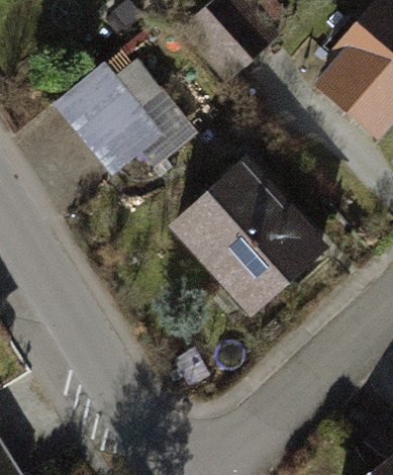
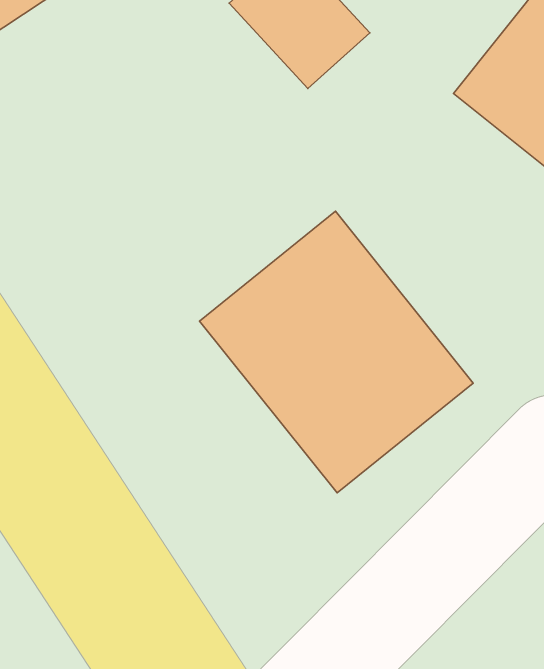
building: [59,48,201,189] -> none

